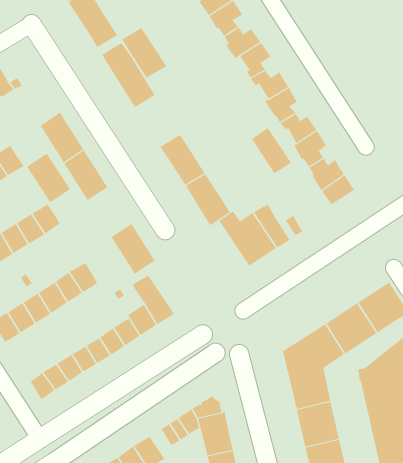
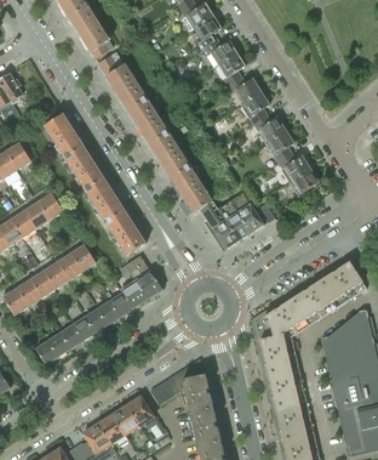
building: [121,27,167,79] -> [127,98,167,143]
building: [251,127,292,174] -> none
building: [26,153,71,203] -> [86,178,125,222]

